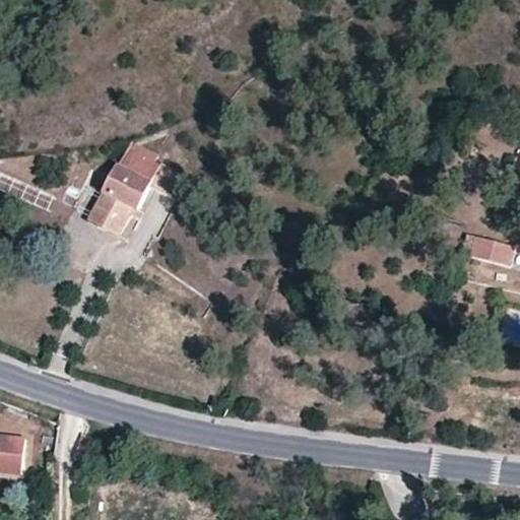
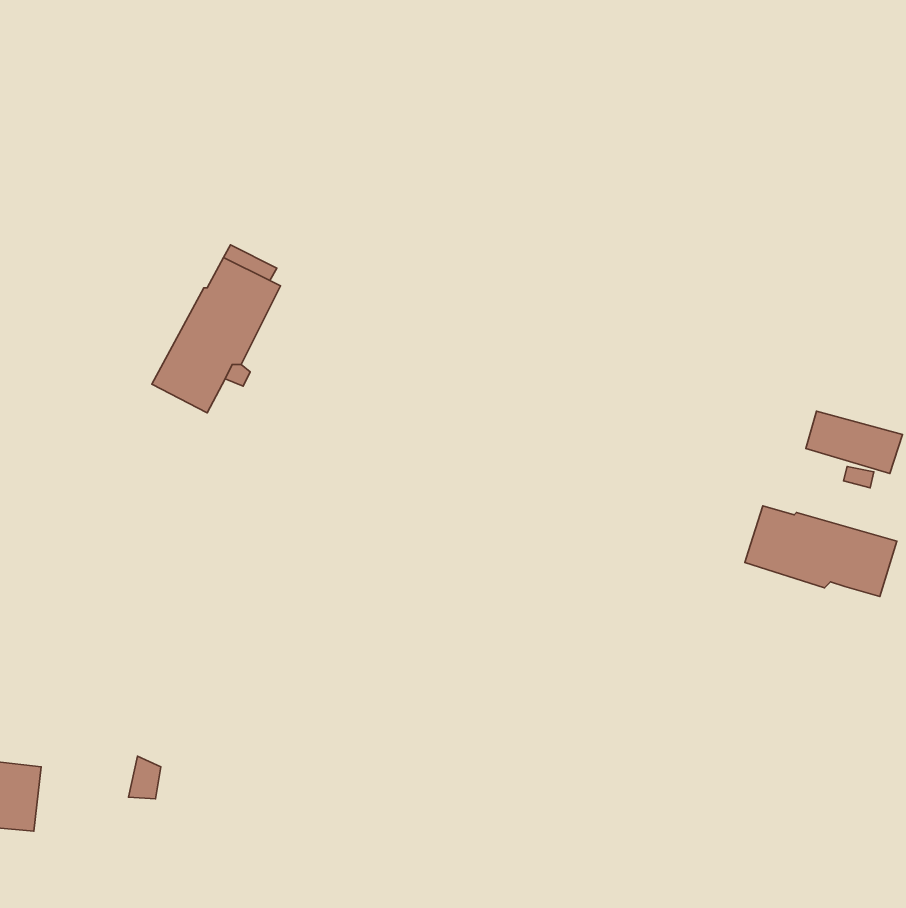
building: none -> [745,506,897,597]

